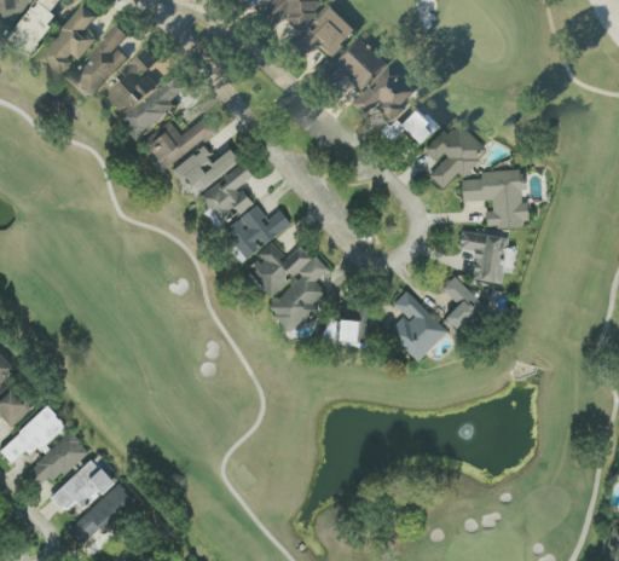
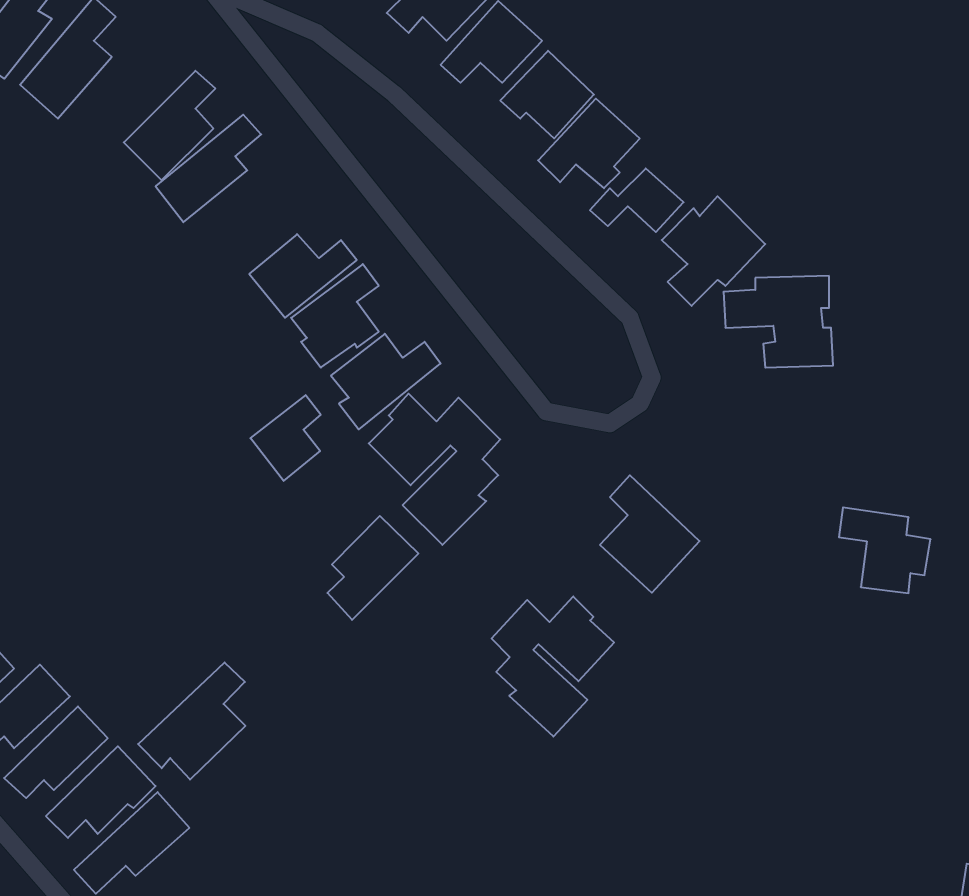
building: [62,23,125,97] -> none
building: [144,117,216,169] -> none
building: [459,231,515,283] -> [839,507,931,593]
building: none -> [250,395,321,481]
building: [442,276,486,335] -> none
building: none -> [327,516,418,620]
building: [324,319,359,345] -> none
building: none -> [492,596,614,737]
building: none -> [138,662,245,780]

